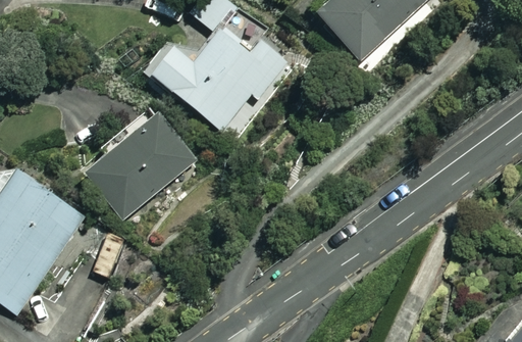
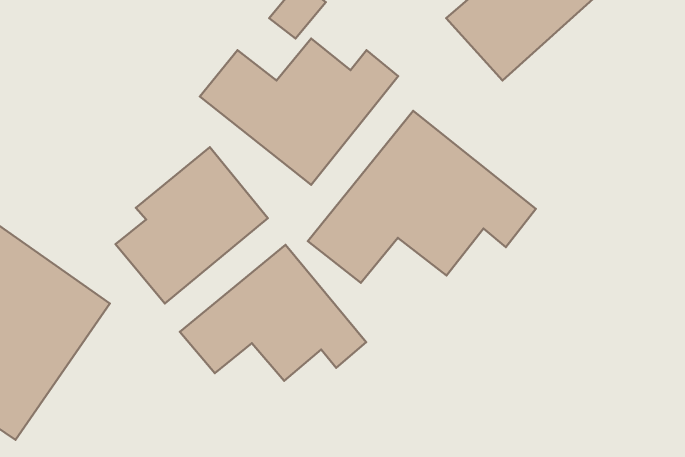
building: none -> [308,111,536,283]
building: none -> [180,245,366,381]

